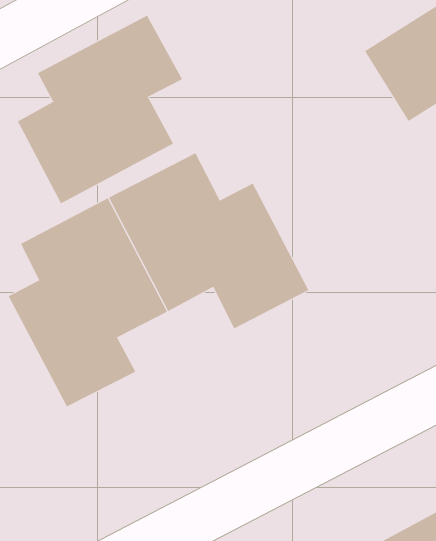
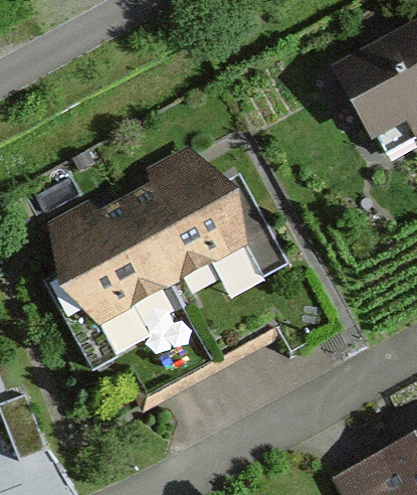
building: [17,15,183,204] -> none

